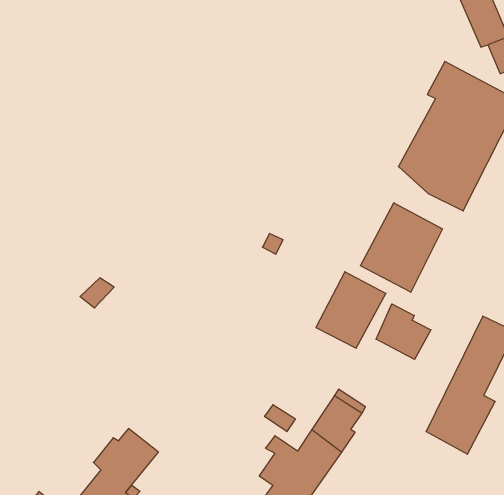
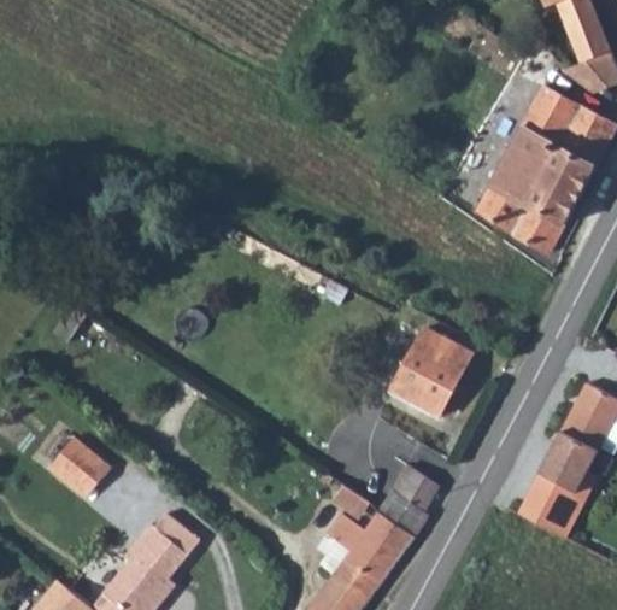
building: [360,203,442,292] -> none
building: [376,304,431,359] -> none
building: none -> [45,429,108,494]

